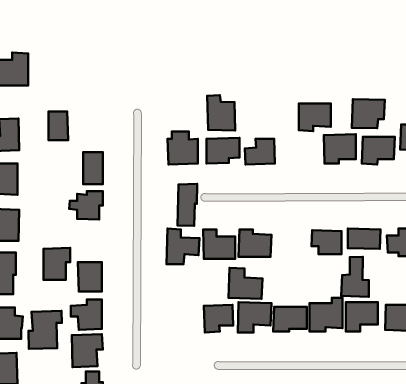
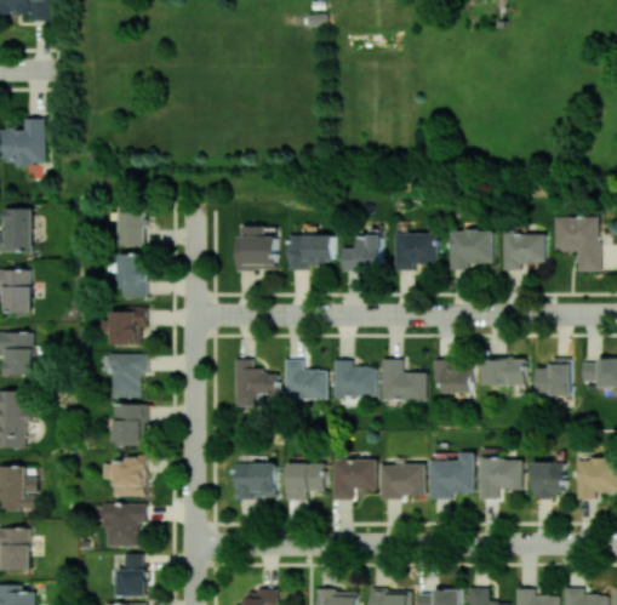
building: [207,95,235,130] -> none
building: [352,99,385,128] -> none
building: [299,104,331,131] -> [394,234,438,272]
building: [49,112,68,140] -> [119,207,145,246]
building: [178,184,197,226] -> none
building: [44,248,70,280] -> [110,354,147,398]
building: [341,257,369,297] -> none
building: [229,268,262,299] -> [381,359,427,401]
building: none -> [234,464,276,498]
building: [28,311,62,349] -> none

